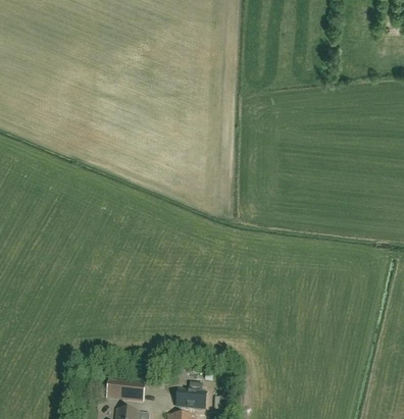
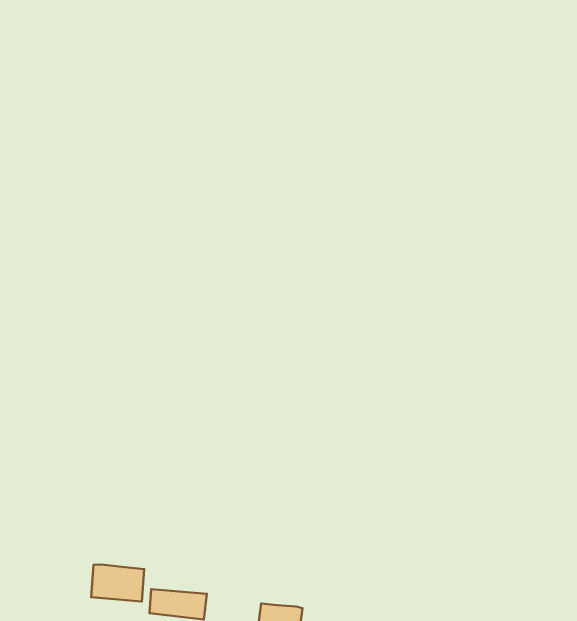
building: none -> [91,564,144,602]

